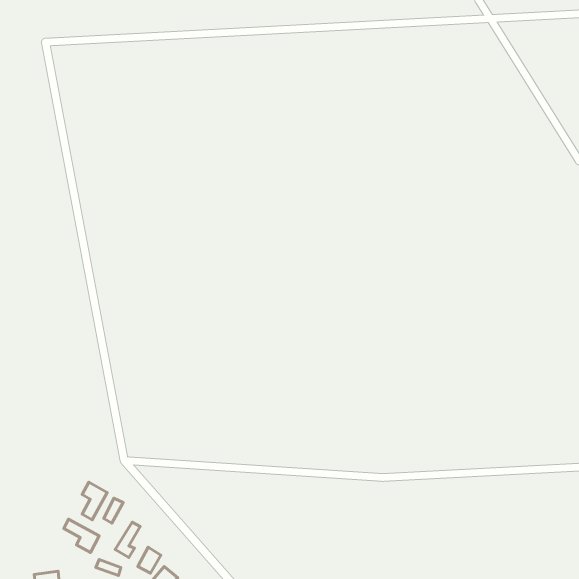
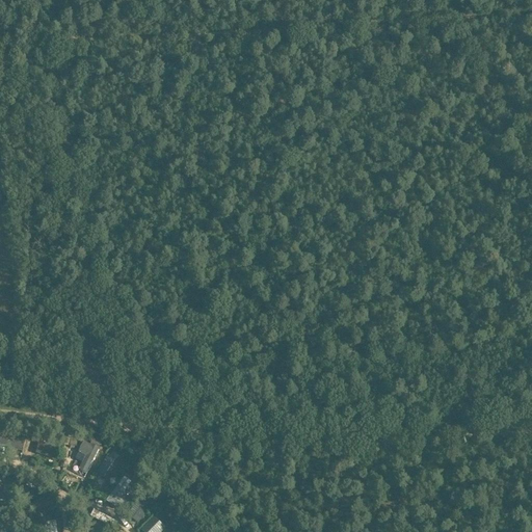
building: [64,519,99,553] -> none

